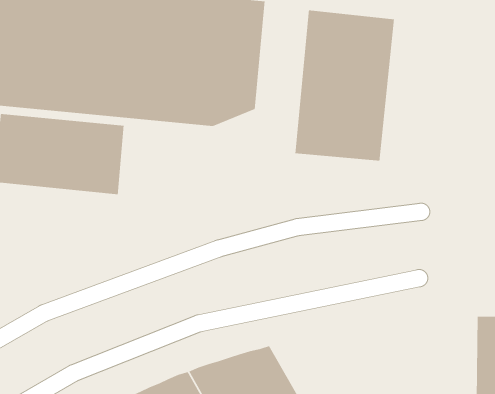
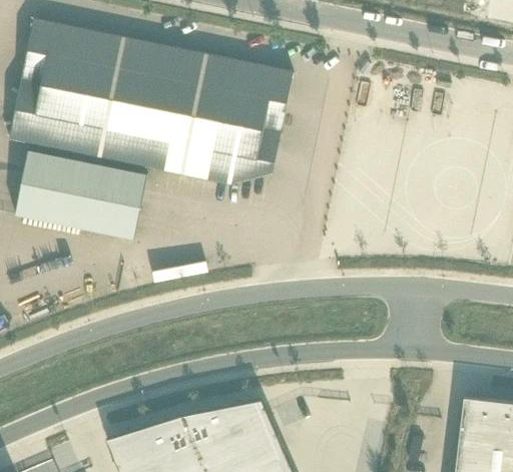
building: [294,9,395,162] -> none

